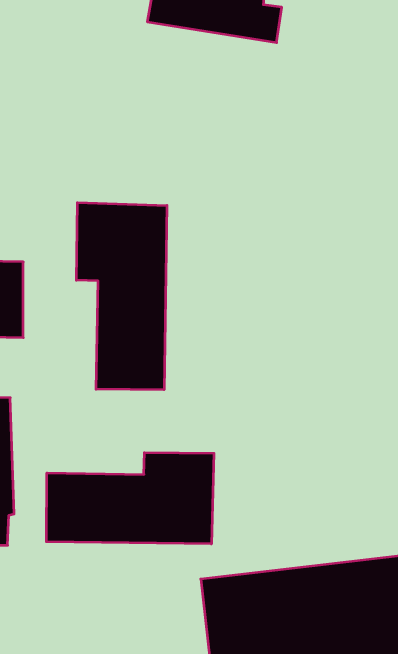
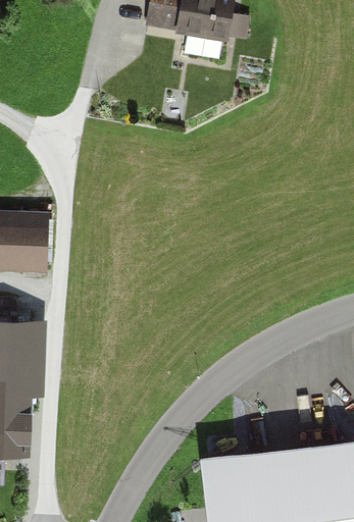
building: [76,203,167,390] -> none
building: [46,453,214,544] -> none

